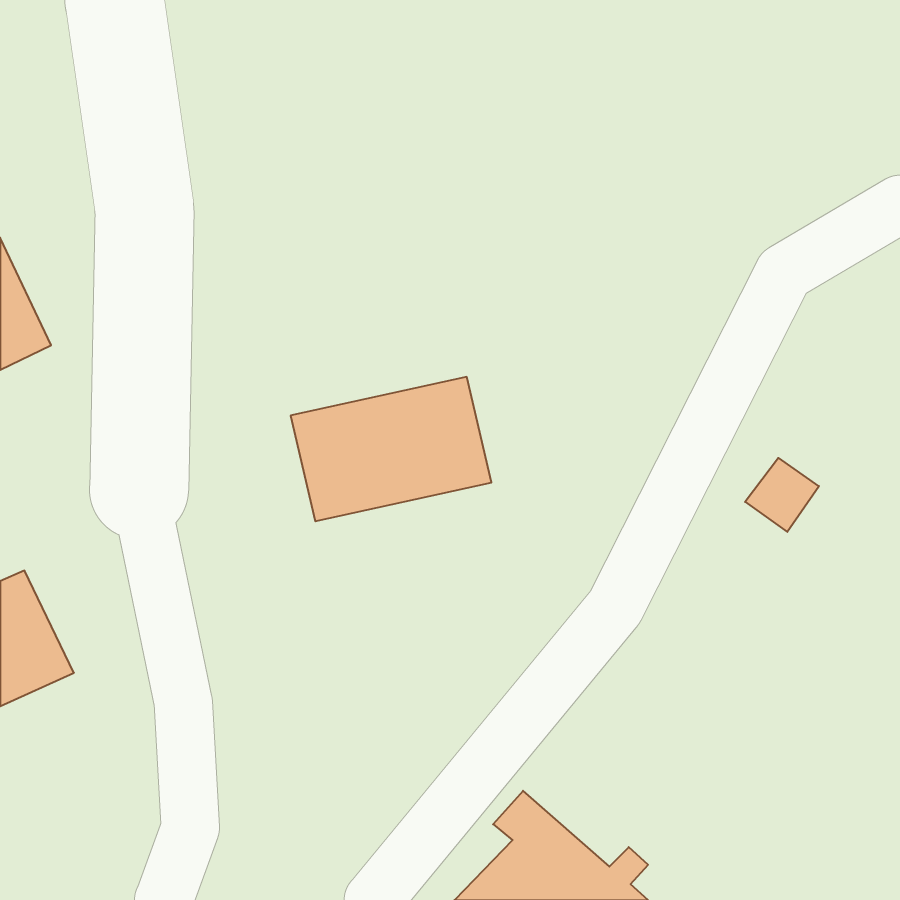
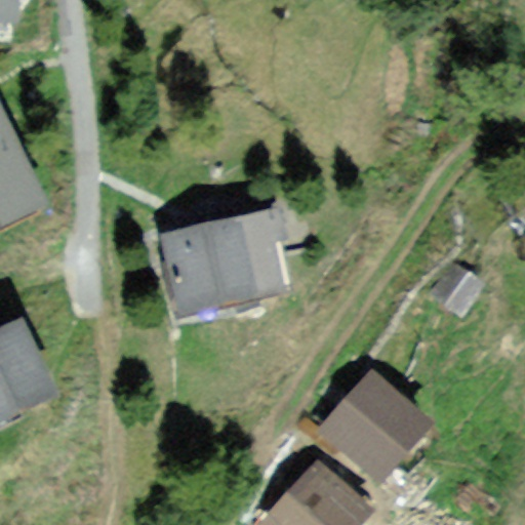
building: none -> [325,379,425,480]

